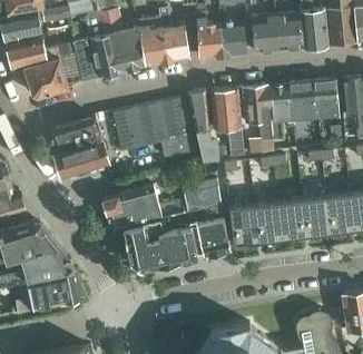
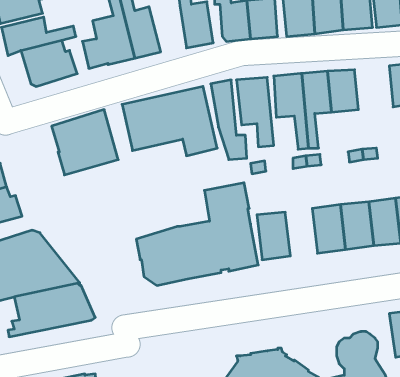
building: [139,27,167,67] -> none
building: [313,80,340,117] -> none
building: [100,186,161,230] -> none
building: [253,203,281,244] -> none

